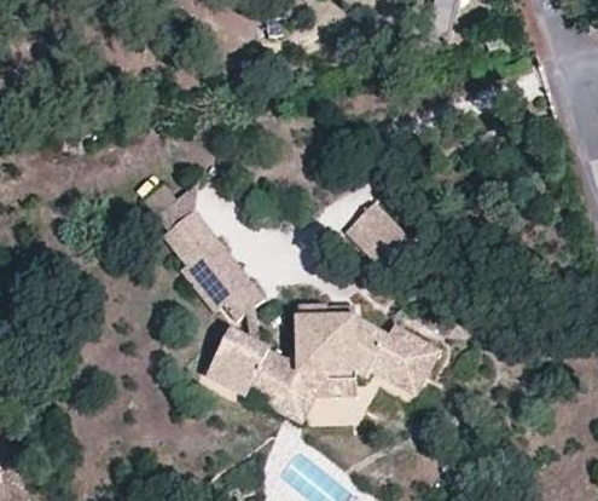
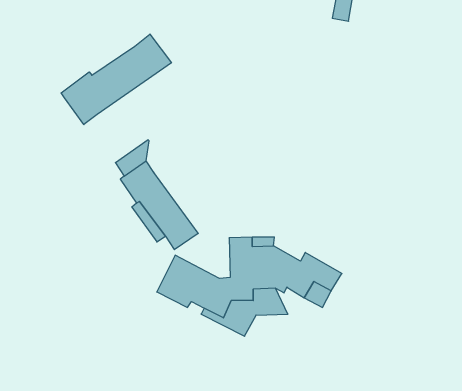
building: none -> [61,34,171,125]
building: [344,203,407,261] -> none

